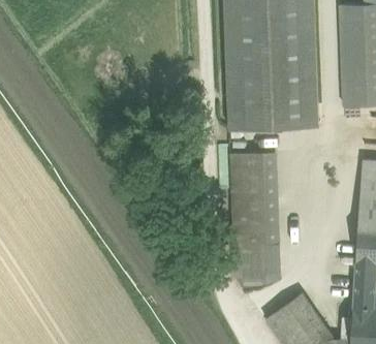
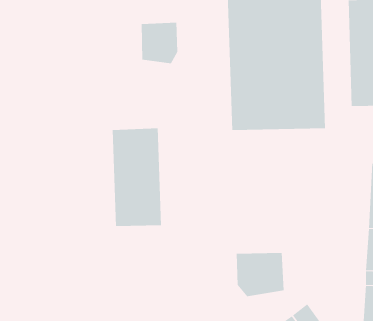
building: none -> [141,22,178,64]
building: [229,153,277,247] -> [112,128,162,227]

